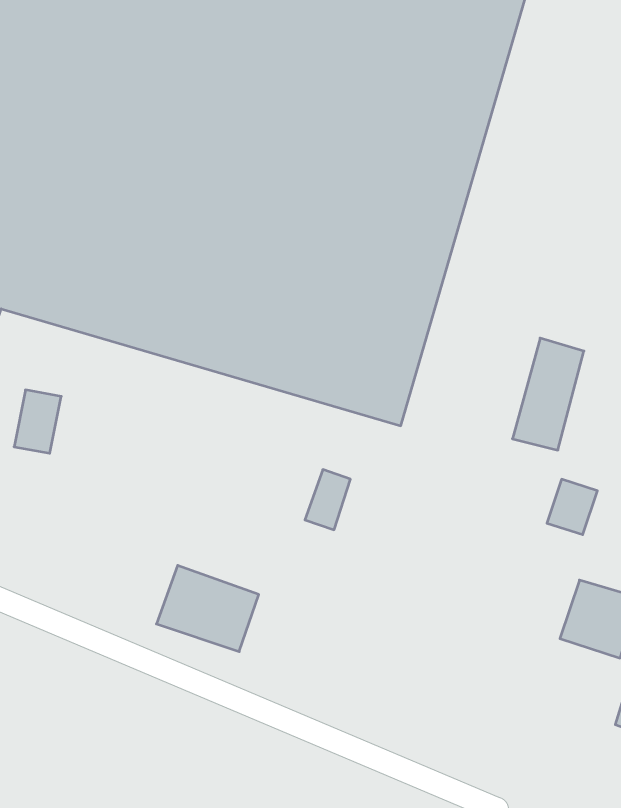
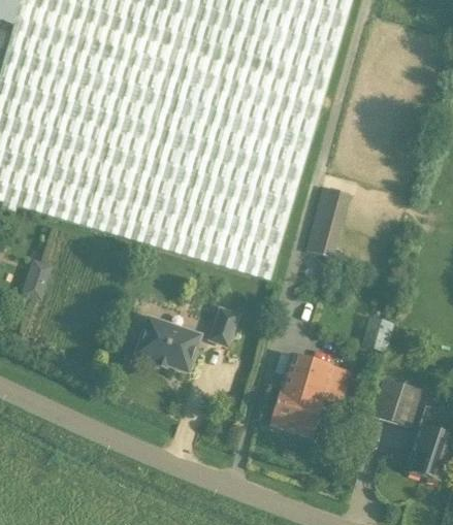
building: [512,338,584,450] -> [305,186,351,257]
building: none -> [269,353,351,437]
building: [156,565,259,652] -> [135,316,200,370]

